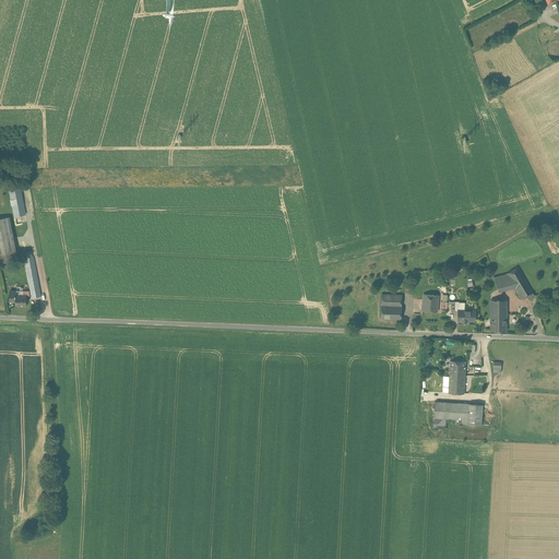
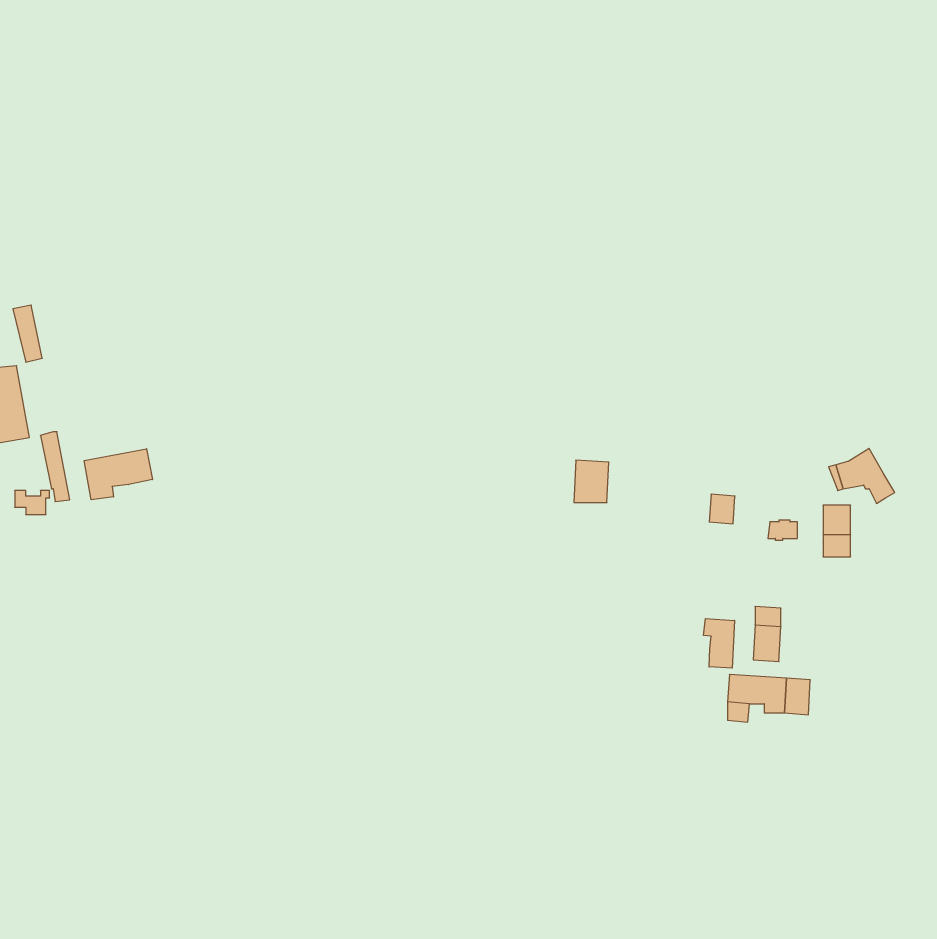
building: none -> [84,449,152,500]
building: [380,294,401,319] -> [574,460,609,503]
building: none -> [704,619,735,668]

